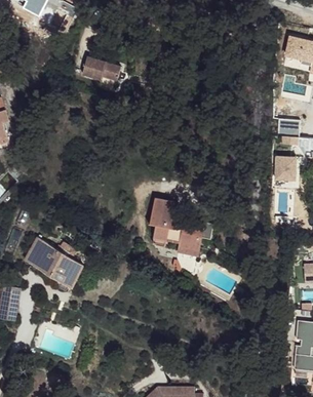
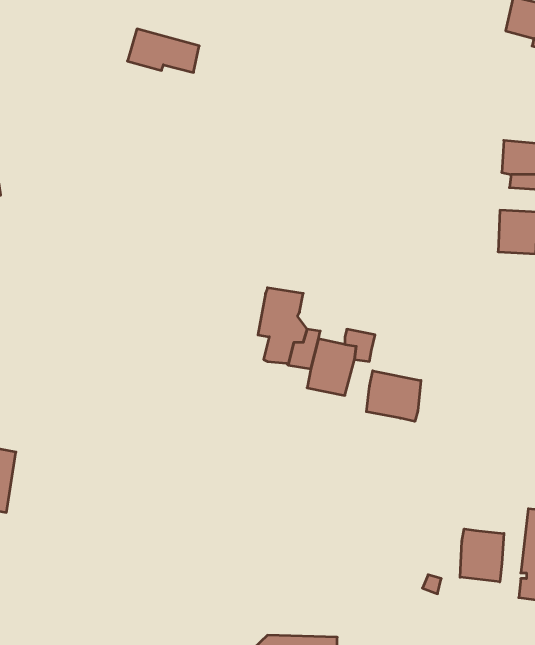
building: [25,235,82,290] -> none
building: none -> [366,371,421,421]
building: none -> [460,529,504,582]

